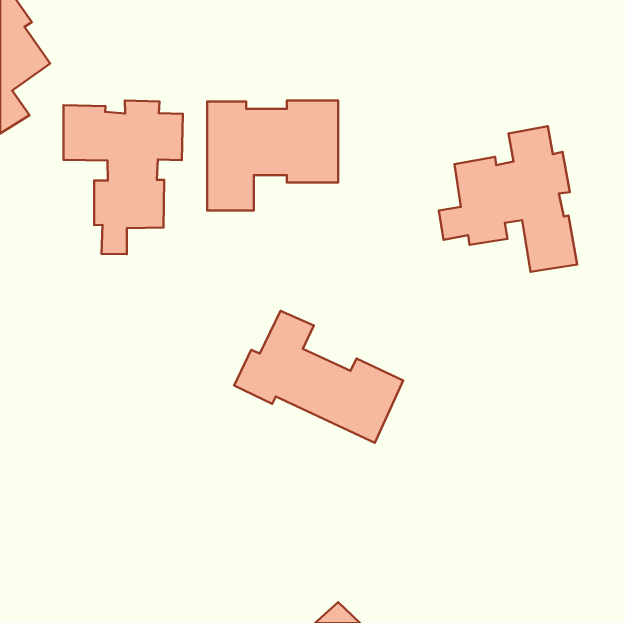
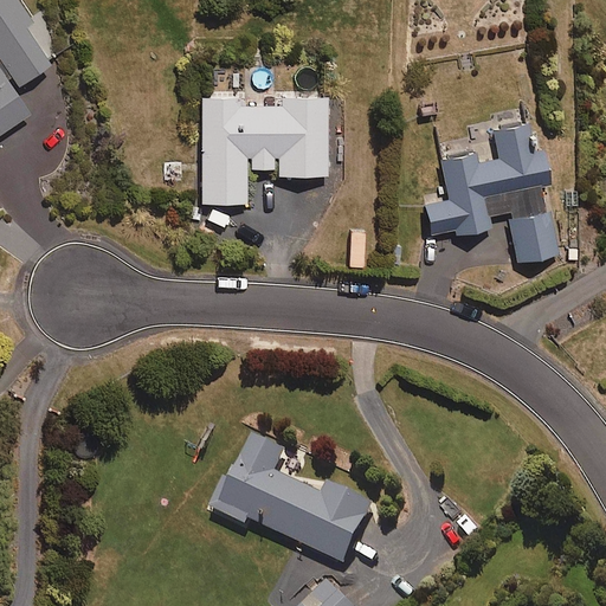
building: [63,101,183,254] -> none
building: [234,311,403,443] -> [211,437,374,565]

